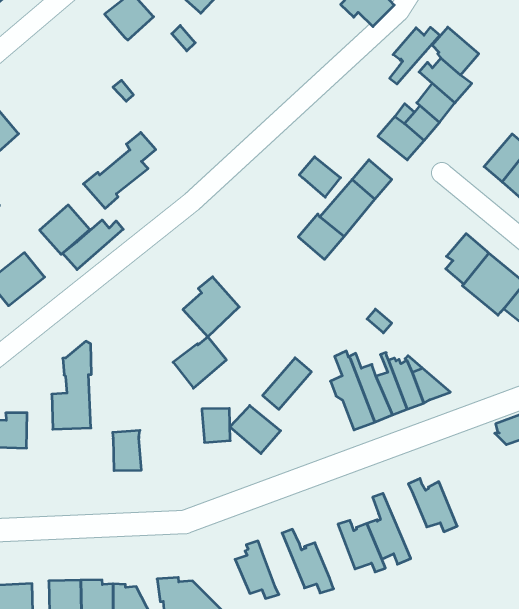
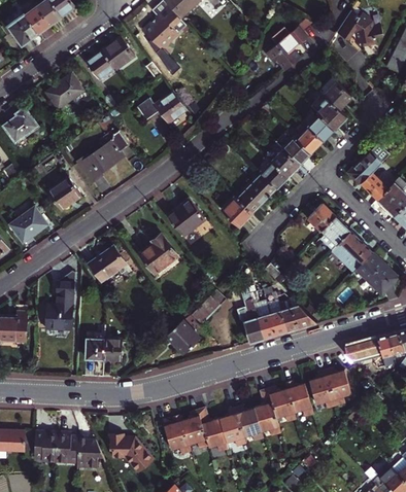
building: none -> [86,51,113,79]
building: [390,27,440,84] -> none
building: none -> [45,74,83,110]
building: none -> [139,93,188,126]
building: [299,157,341,197] -> [270,149,298,177]
building: none -> [306,205,334,232]
building: [63,220,123,270] -> none
building: none -> [169,198,206,235]
building: [173,337,226,388] -> [89,247,125,281]
building: [202,408,230,442] -> [103,338,122,360]
building: none -> [310,366,348,408]
building: none -> [265,385,295,422]
building: none -> [216,407,245,446]
building: none -> [180,410,207,450]

